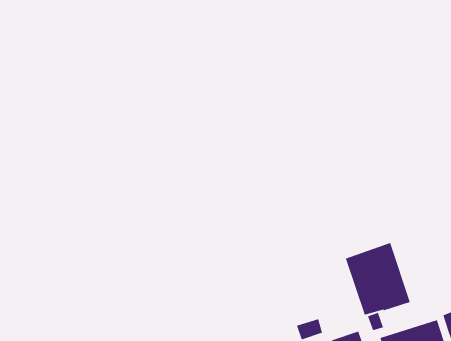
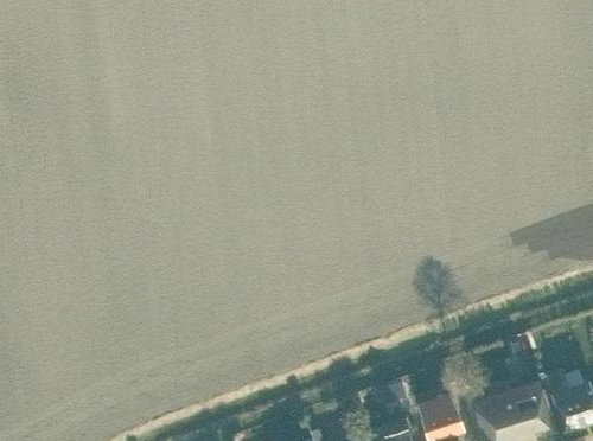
building: [345,242,411,315] -> none

